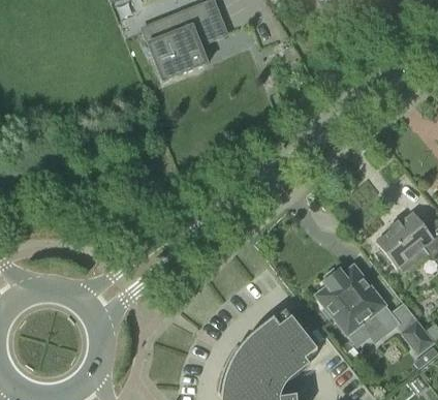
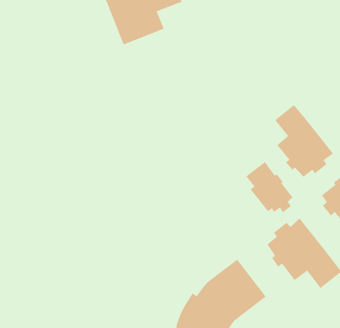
building: none -> [274,104,334,178]
building: none -> [246,161,293,213]

